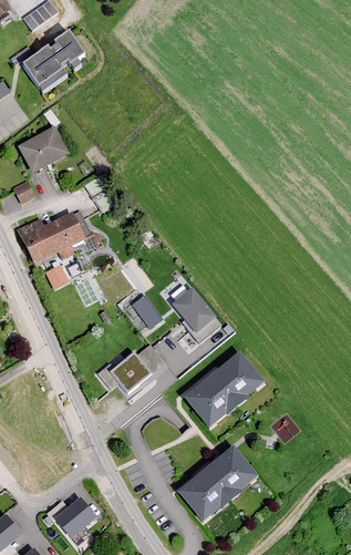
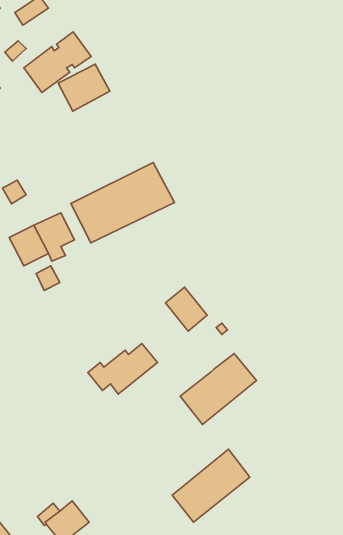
building: [16,127,66,174] -> [58,64,110,111]
building: none -> [71,162,174,243]
building: [131,295,163,330] -> none

